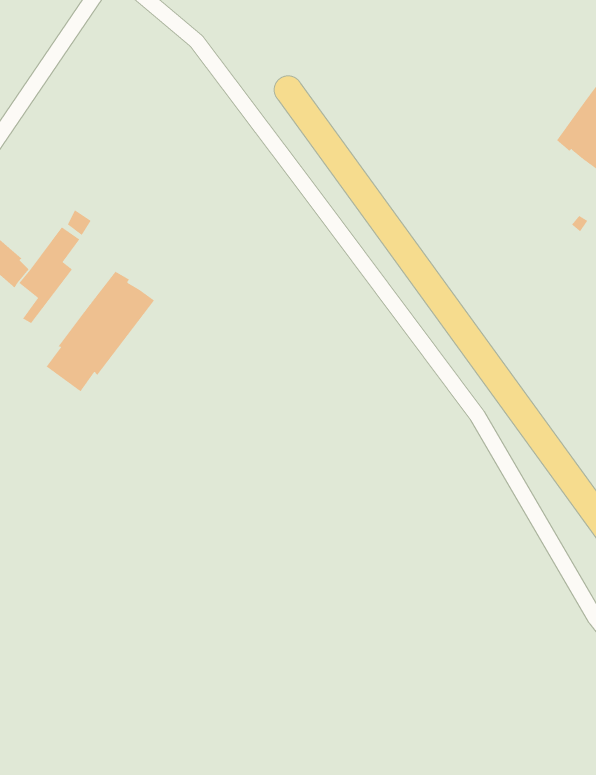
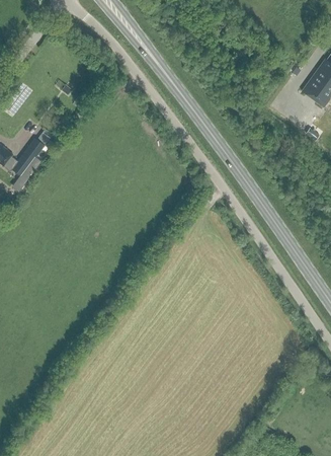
building: [46,271,155,392] -> none

